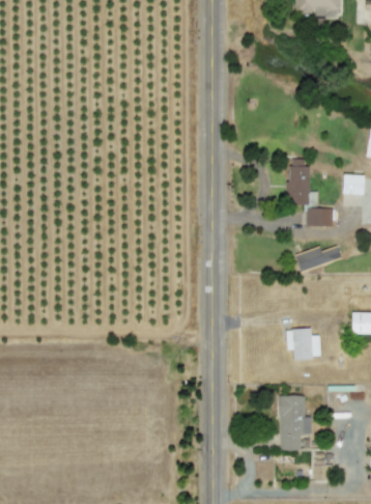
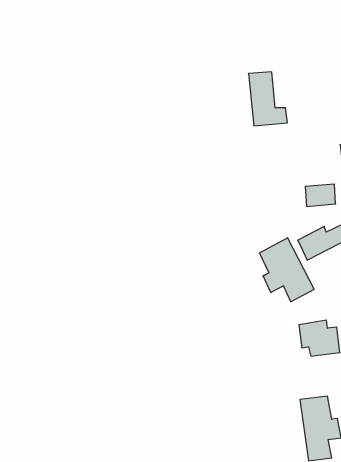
building: [288,158,318,205] -> [248,72,287,126]
building: none -> [260,238,314,302]

